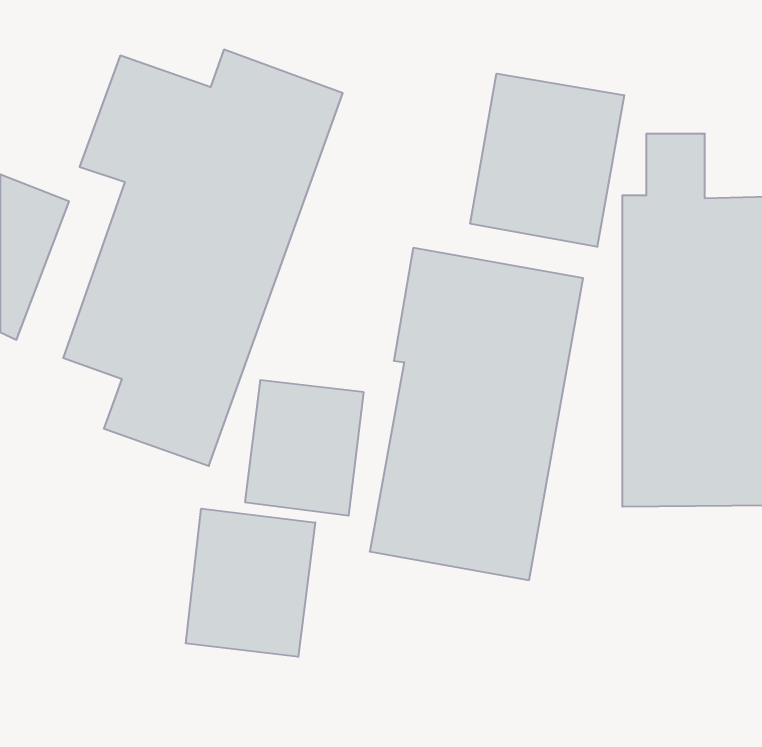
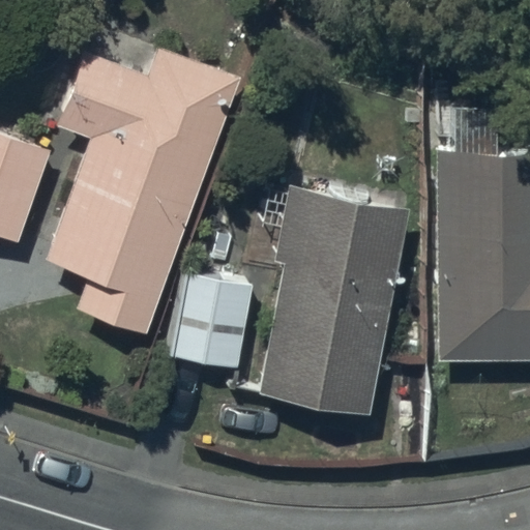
building: [470,74,624,247] -> none
building: [186,509,315,657] -> none

